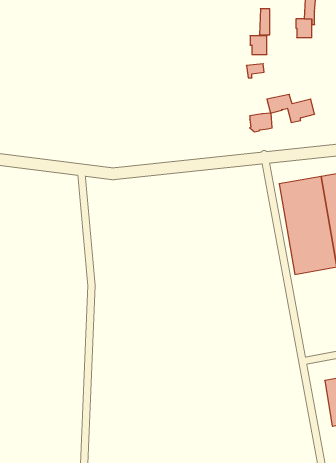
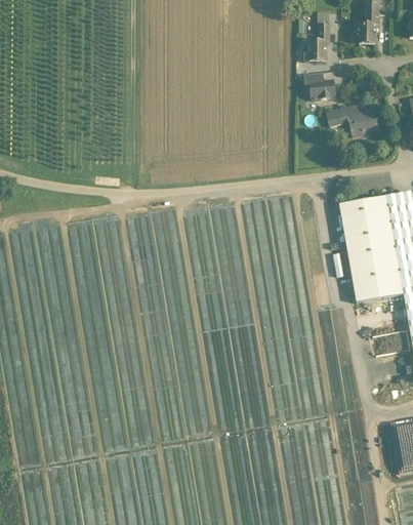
building: [250,113,272,132] -> [311,79,335,99]

